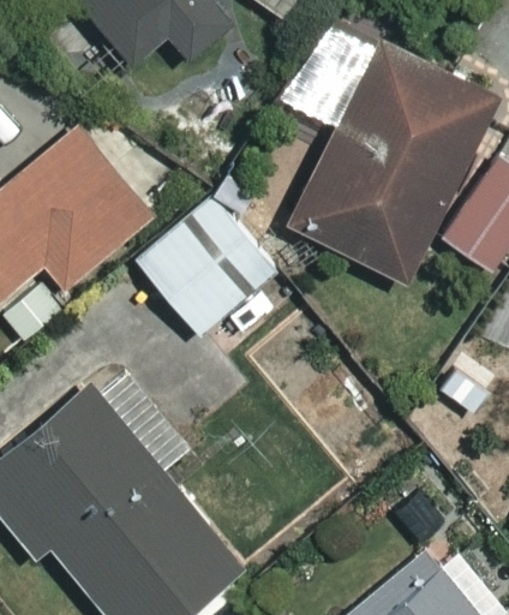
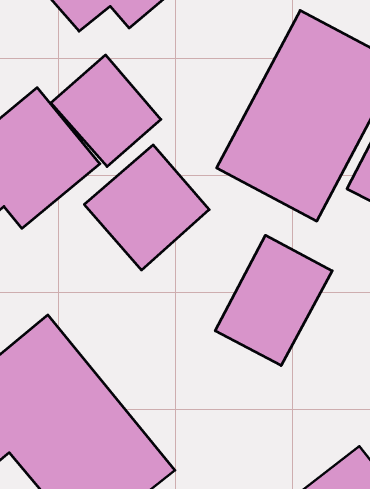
building: none -> [51,55,161,167]
building: none -> [215,235,332,366]

